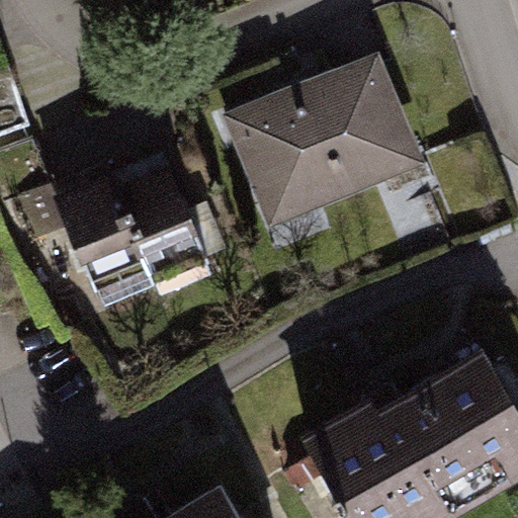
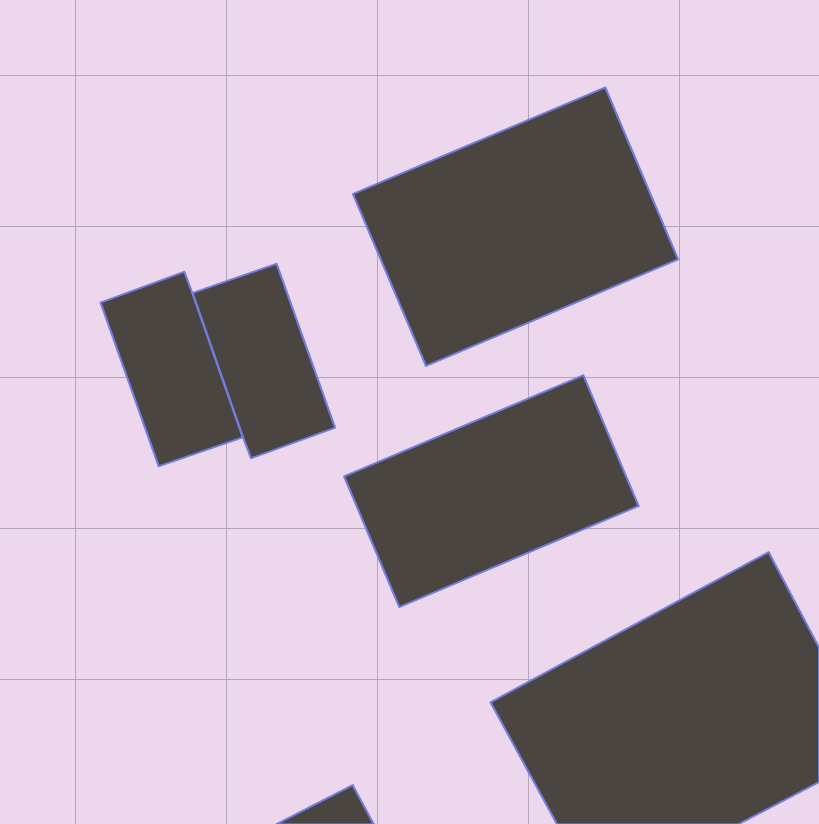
building: none -> [344,375,639,607]

